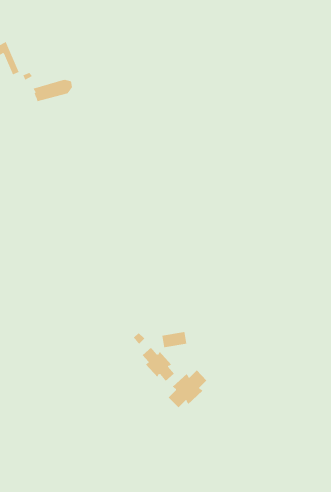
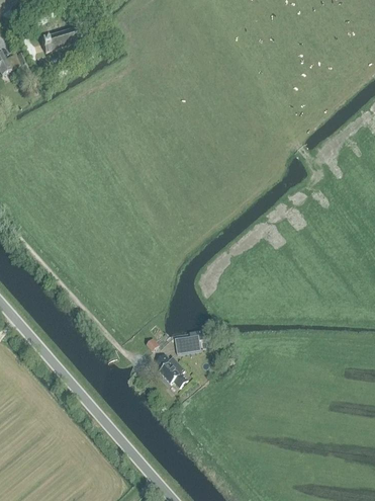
building: [33,79,73,102] -> [40,28,80,51]
building: [168,369,207,408] -> none

